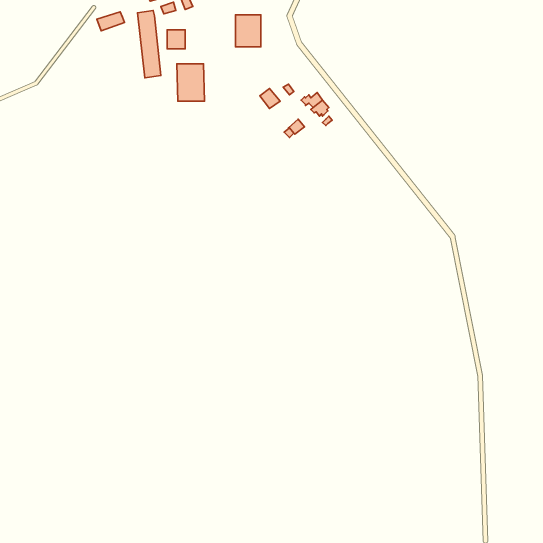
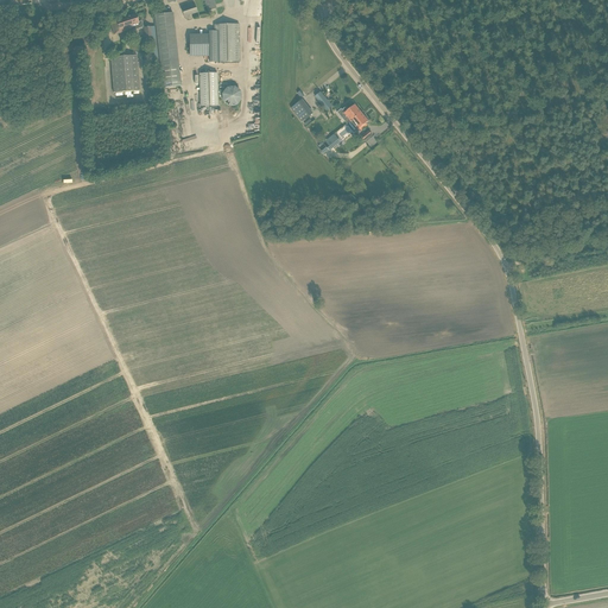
building: [235,15,261,47] -> [213,23,241,58]
building: none -> [113,53,137,93]

